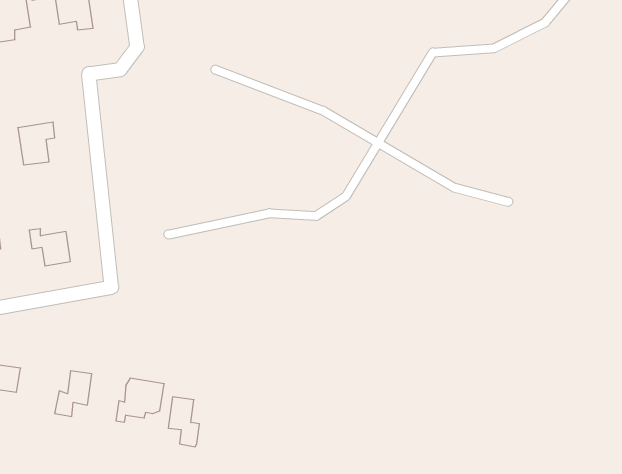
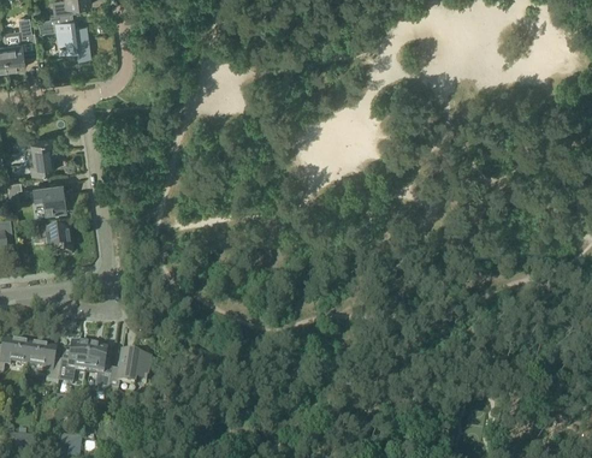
building: none -> [30,178,69,213]
building: none -> [24,341,60,379]
building: [168,397,200,447] -> [84,346,111,388]

